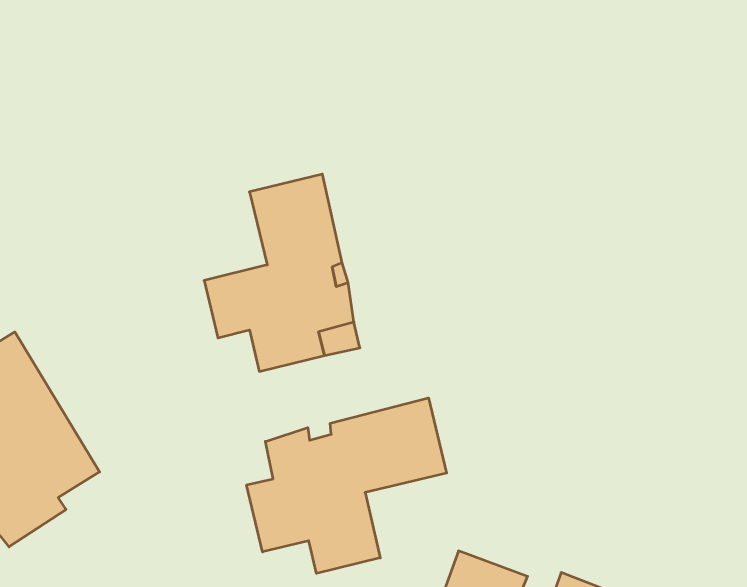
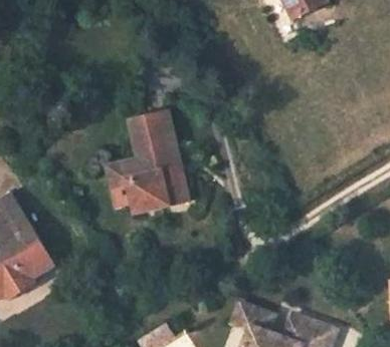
building: [247,398,447,573] -> none

